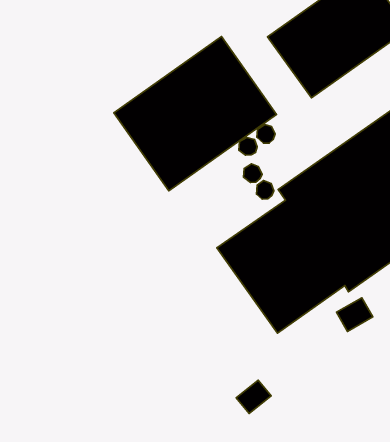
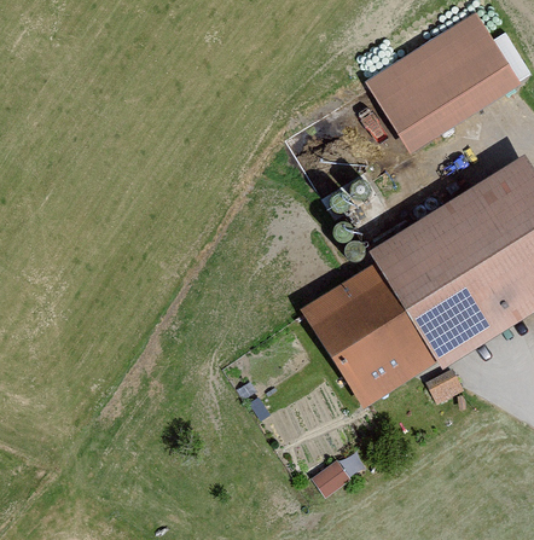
building: [114,36,276,191] -> none

